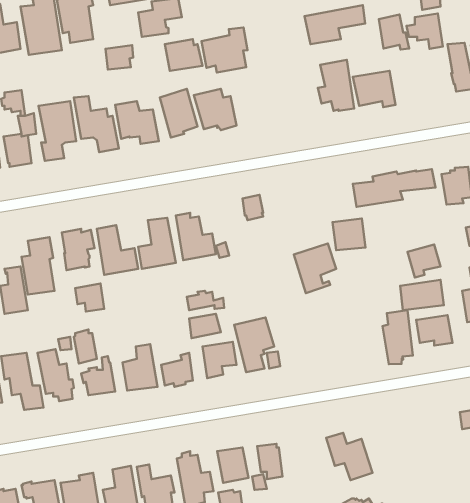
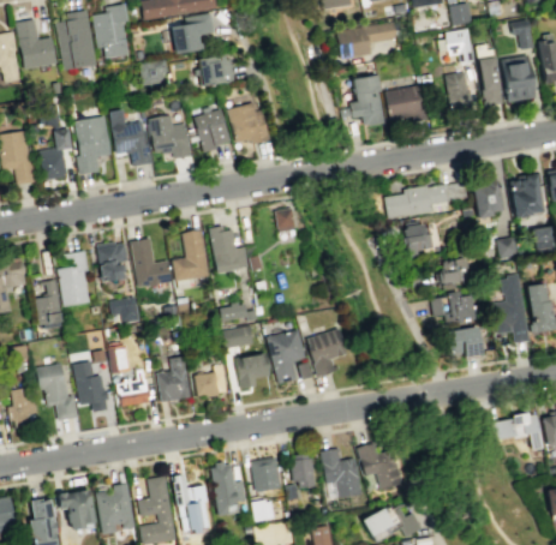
building: [379,14,409,50] -> [446,71,476,106]
building: [201,27,247,72] -> none
building: [333,218,365,250] -> [401,222,434,253]
building: [294,243,336,293] -> [306,328,348,377]
building: [383,310,413,364] -> none
building: none -> [322,448,363,498]

